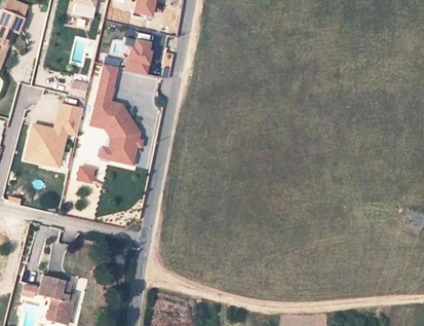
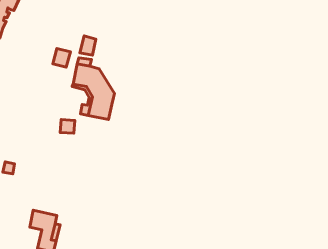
building: [129,47,152,74] -> none
building: [23,102,81,168] -> none

